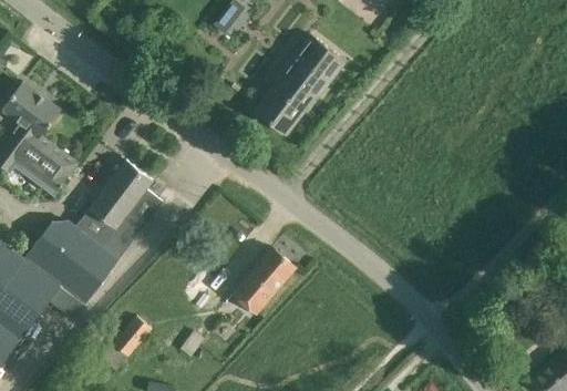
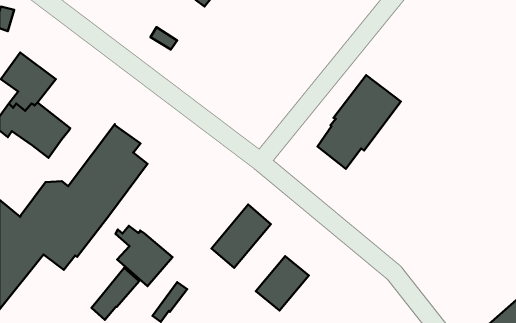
building: [255,32,346,134] -> [317,75,401,169]
building: none -> [115,226,173,286]
building: none -> [256,256,309,311]

